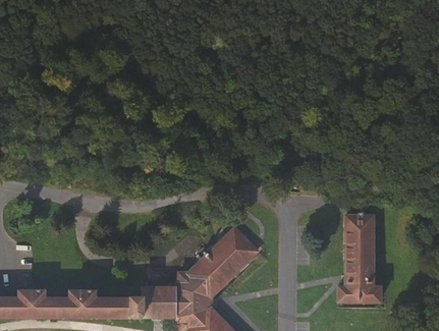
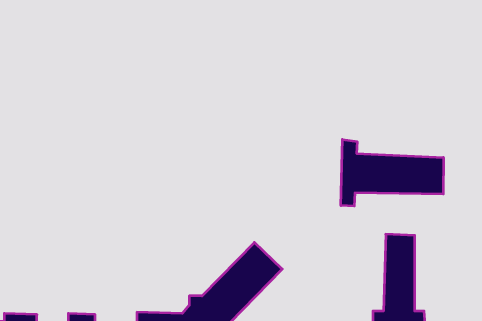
building: none -> [341,139,443,206]

